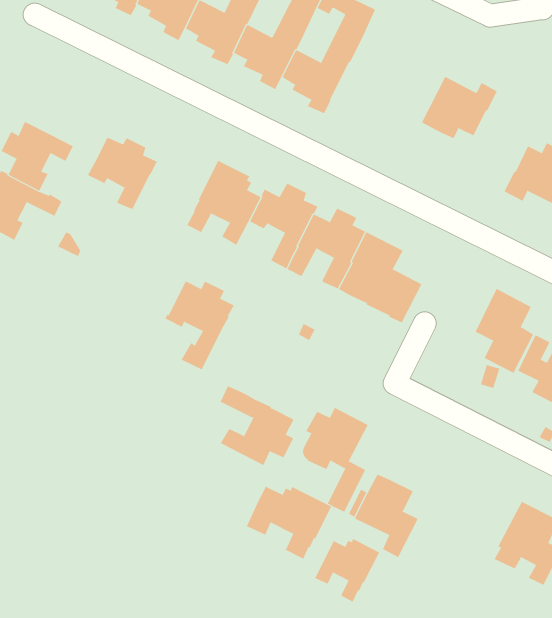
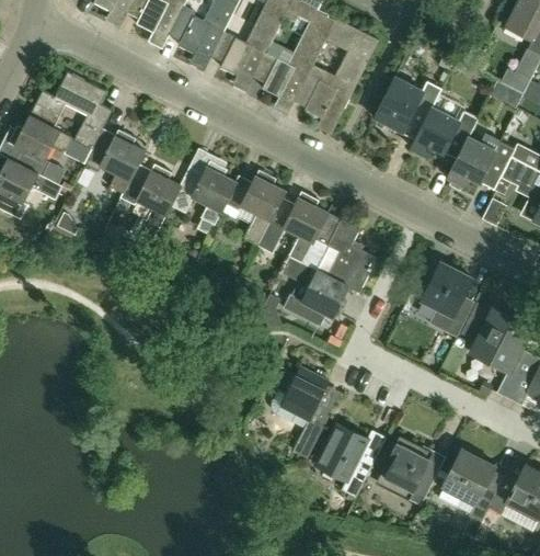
building: none -> [296,19,379,132]
building: none -> [28,72,112,163]
building: none -> [411,107,478,160]
building: [164,280,235,370] -> [119,163,181,242]
building: [220,385,294,466] -> [282,257,346,327]
building: [246,485,332,560] -> none
building: none -> [383,436,441,506]
building: [315,538,380,602] -> none

